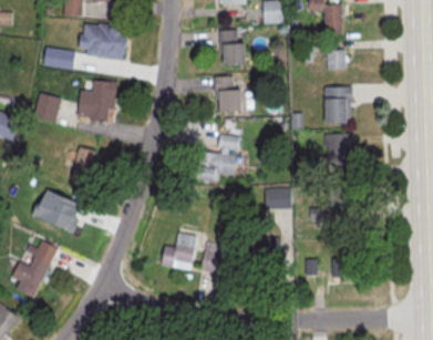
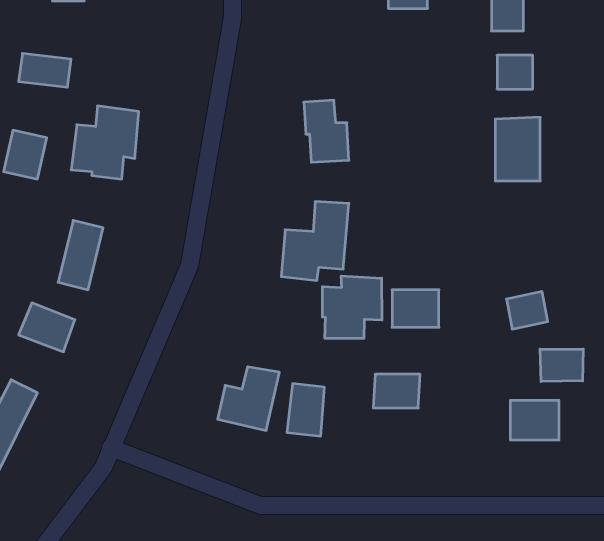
building: [76,24,123,60] -> none
building: [217,31,244,66] -> none
building: [326,134,350,166] -> none
building: none -> [322,276,382,338]
building: none -> [540,349,583,382]

